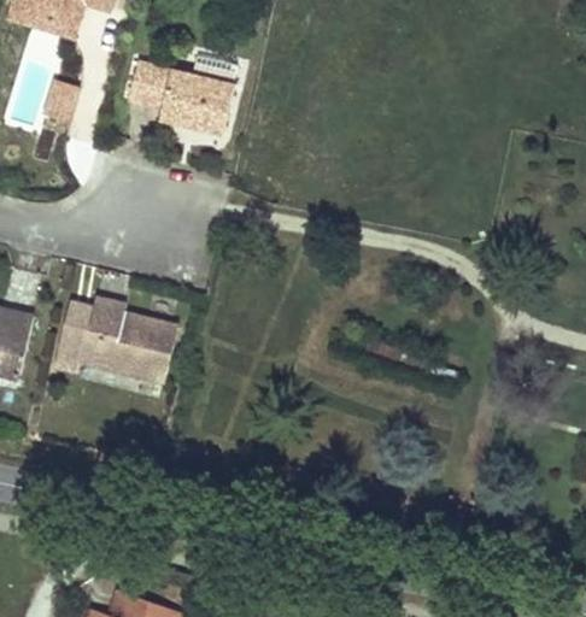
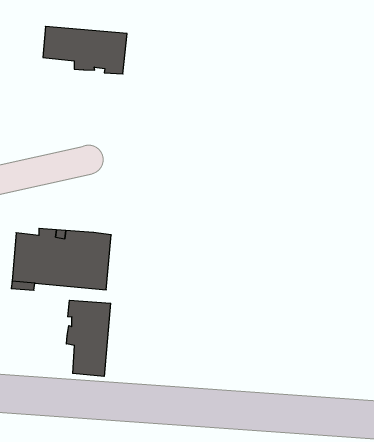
building: none -> [66,300,111,376]

